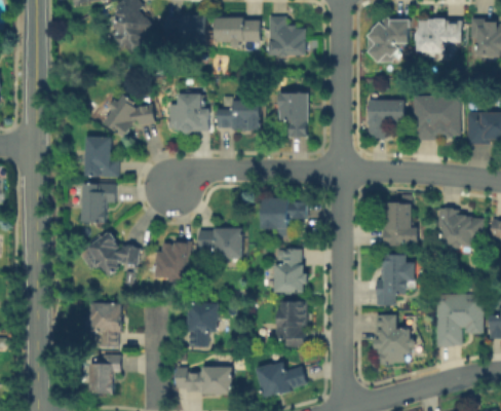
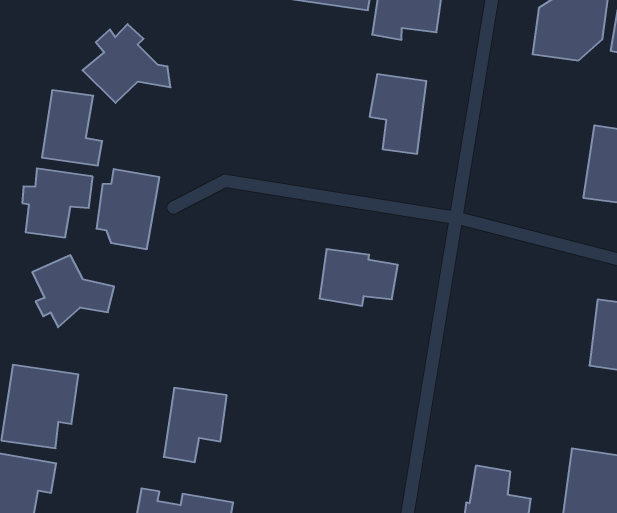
building: [163,87,206,128] -> none
building: [217,95,262,130] -> none
building: [364,97,403,137] -> none
building: [382,200,413,245] -> none
building: [198,230,245,260] -> none
building: [152,237,186,283] -> [96,169,159,249]
building: [270,250,310,296] -> none
building: [374,253,407,306] -> none
building: [275,304,308,349] -> none

